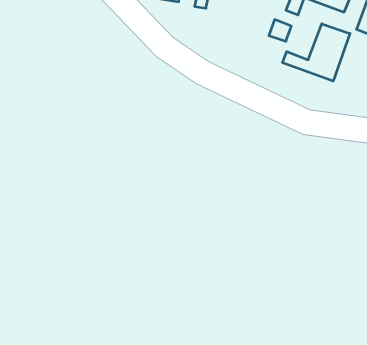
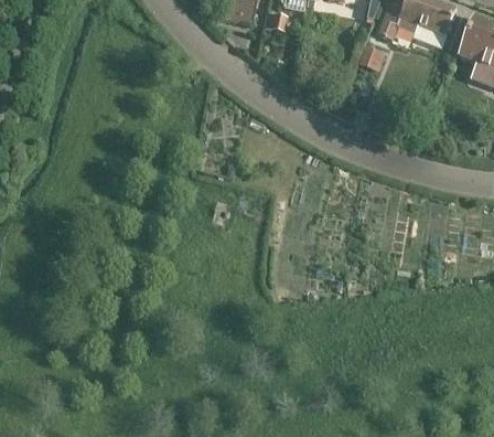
building: [283,24,350,81] -> none

